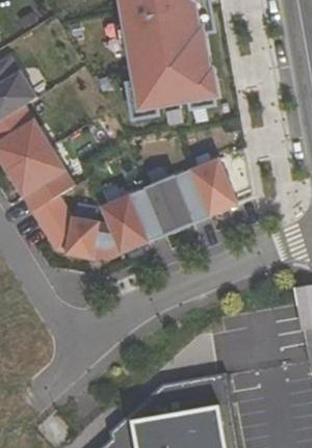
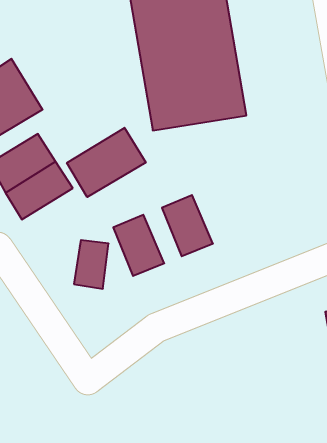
building: none -> [67,128,146,197]
building: [191,161,236,216] -> none
building: [32,195,73,239] -> none

